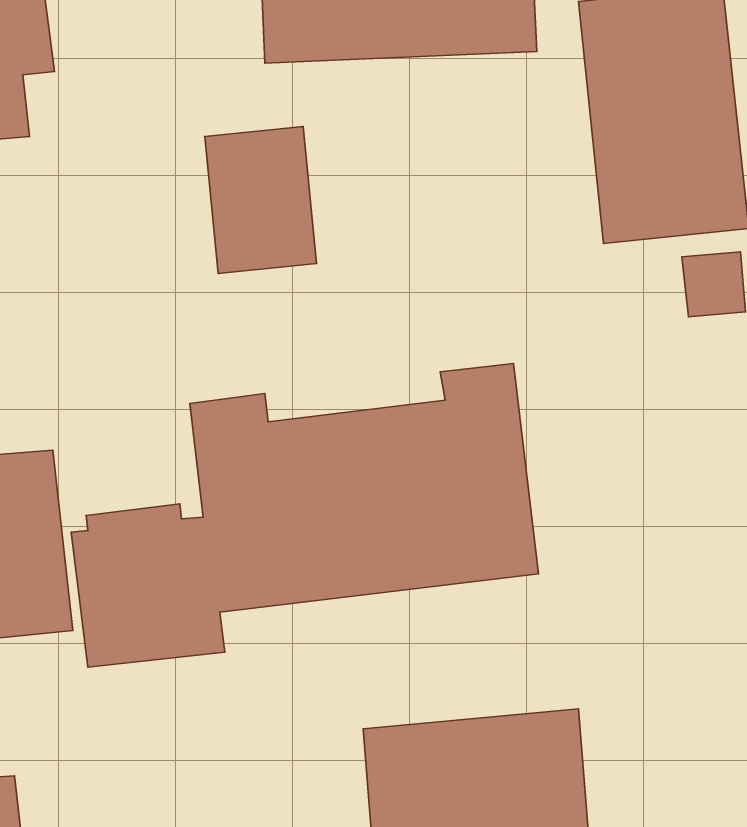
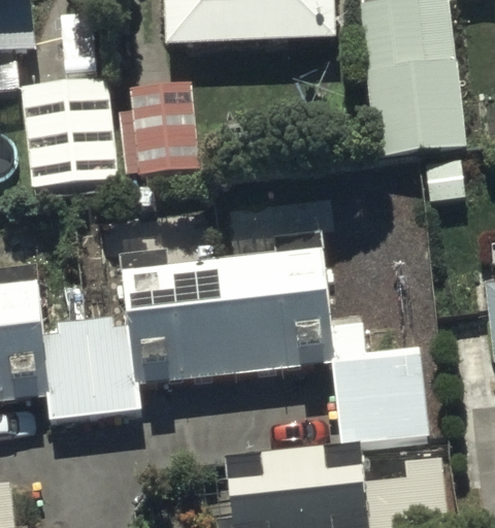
building: none -> [24,79,114,186]
building: none -> [334,354,427,441]

